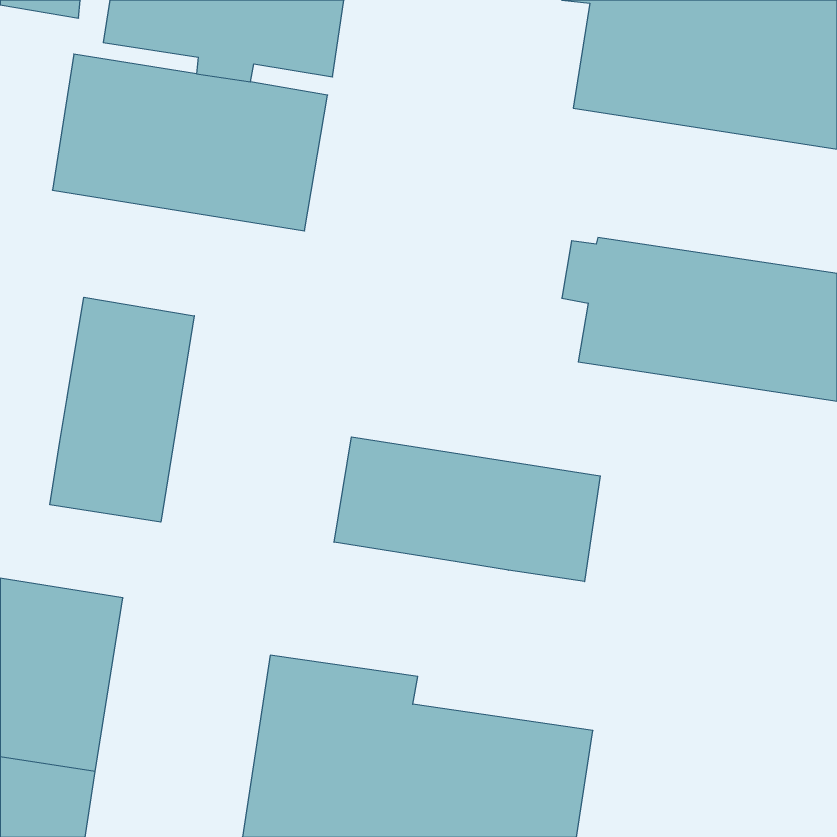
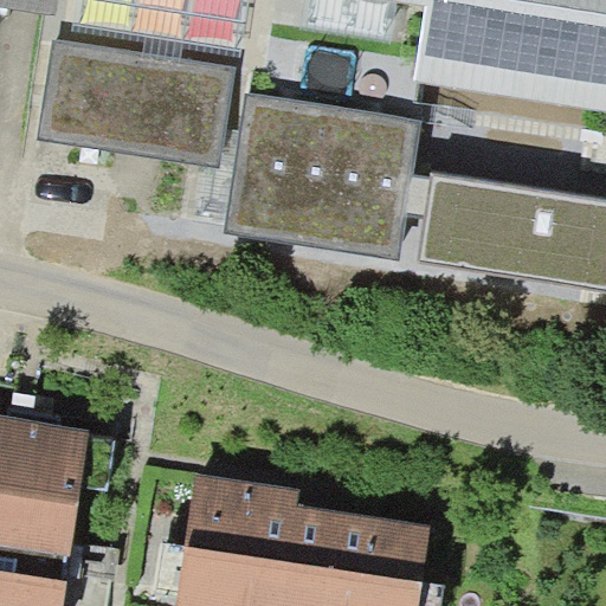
building: none -> [225,92,421,260]
building: [50,297,194,522] -> none
building: [334,437,600,582] -> none

